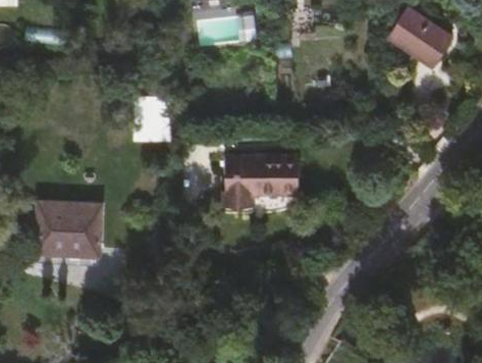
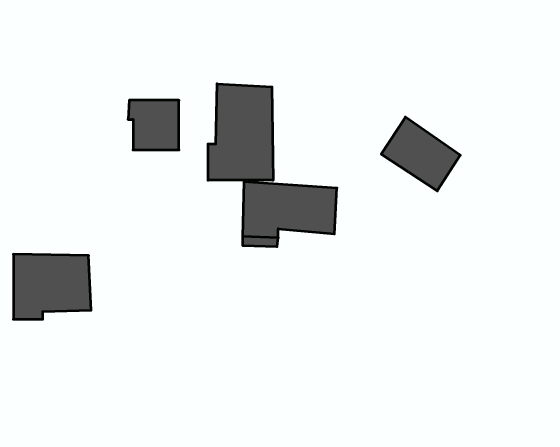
building: [388,9,451,68] -> [381,117,460,191]
building: none -> [208,84,273,180]

